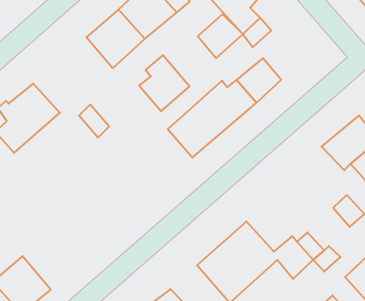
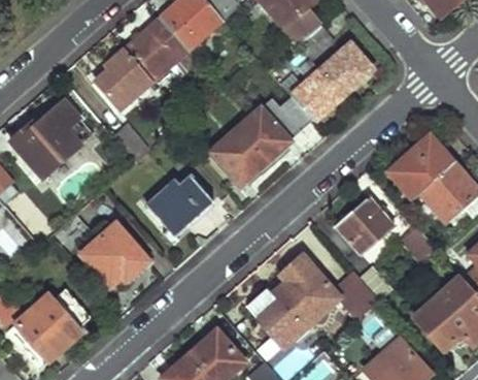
building: [198,14,243,58] -> [321,46,372,96]
building: [139,55,189,111] -> [96,48,152,110]
building: none -> [148,178,215,235]
building: none -> [333,196,395,256]
building: none -> [80,225,148,287]

